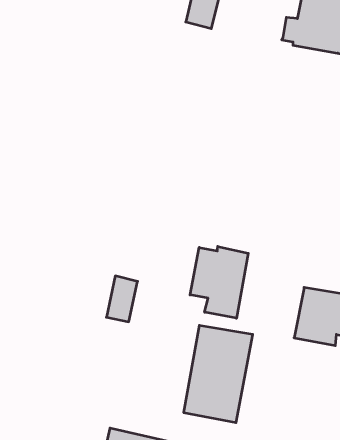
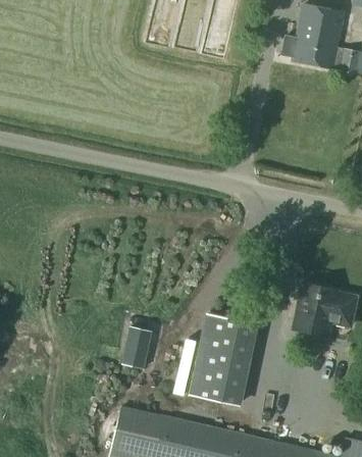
building: [190,246,248,318] -> none
building: [106,276,138,322] -> [123,324,152,366]

